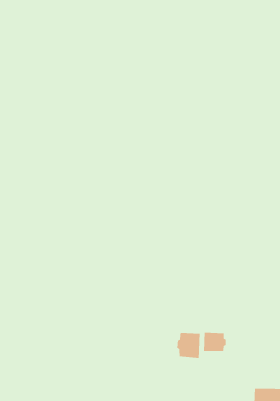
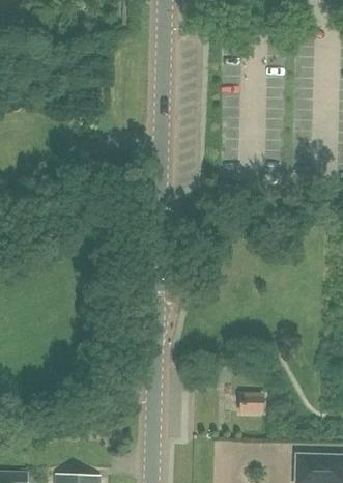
building: [177,332,200,359] -> none

